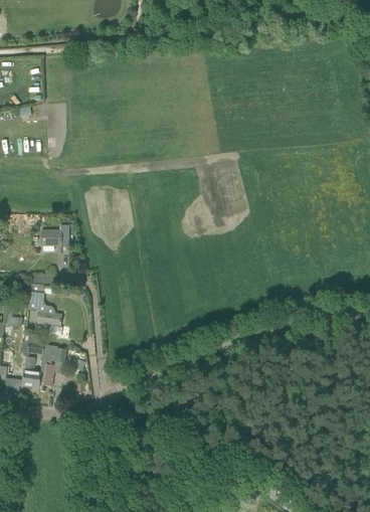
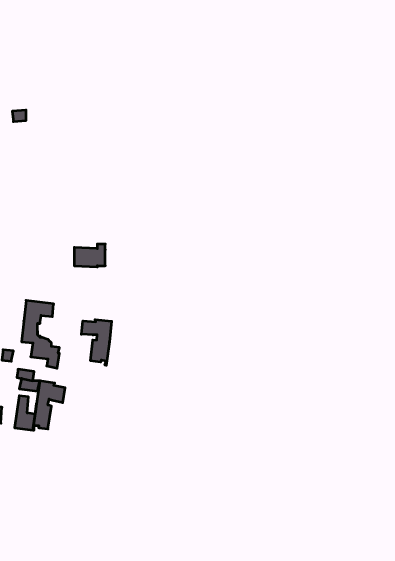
building: [41,225,68,245] -> [74,244,105,267]
building: none -> [81,320,112,365]

